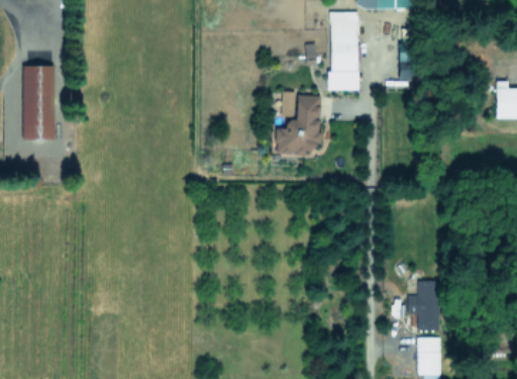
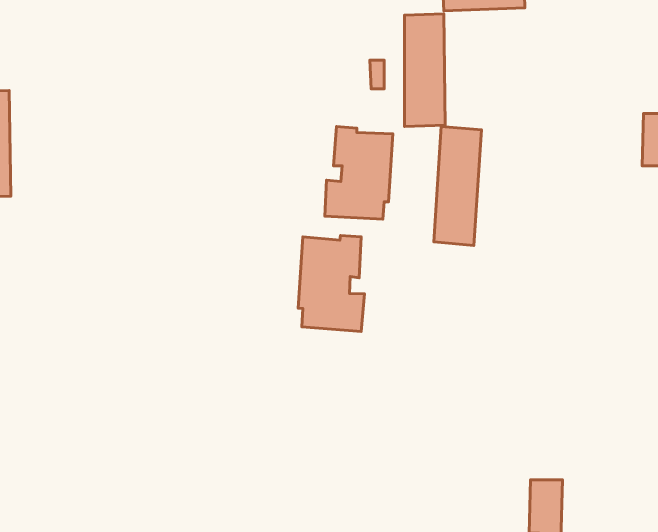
building: none -> [434,126,481,245]
building: none -> [298,236,365,331]
building: [409,281,440,330] -> none

